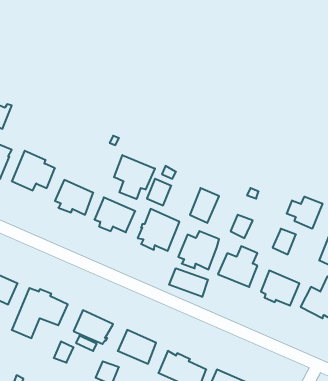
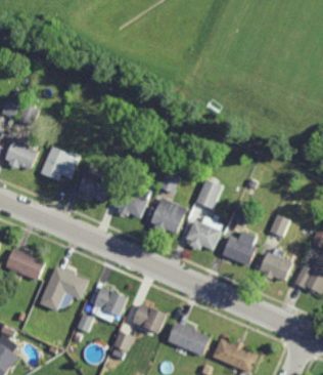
building: [114,155,155,199] -> none
building: [287,197,322,229] -> none
building: [169,268,208,297] -> none

